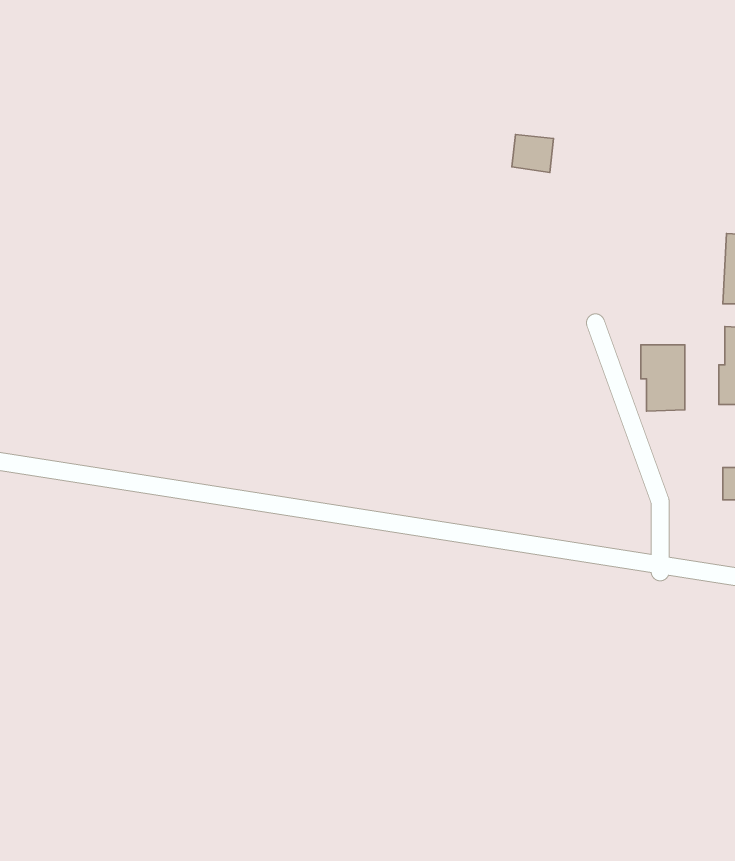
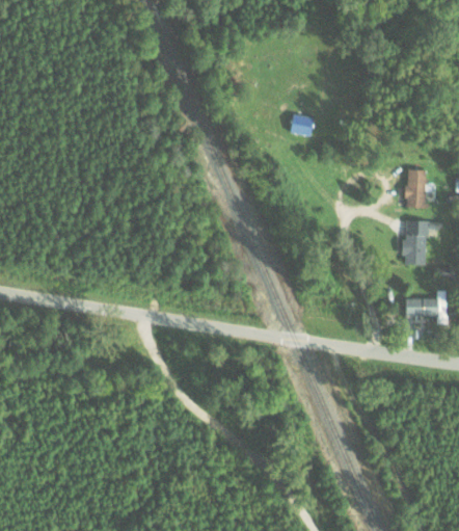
building: [641,345,685,411] -> none

